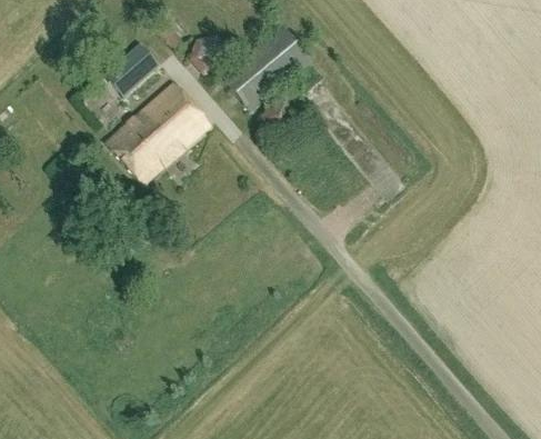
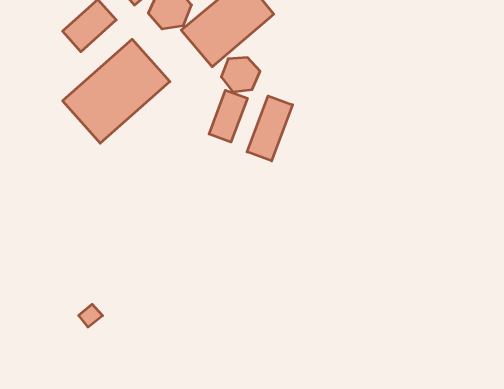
building: none -> [209,90,247,142]
building: none -> [247,96,293,161]

